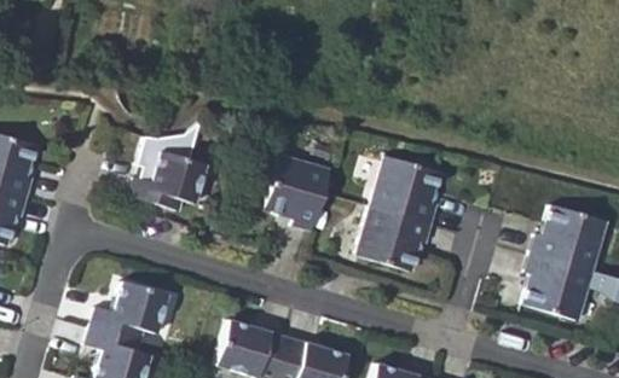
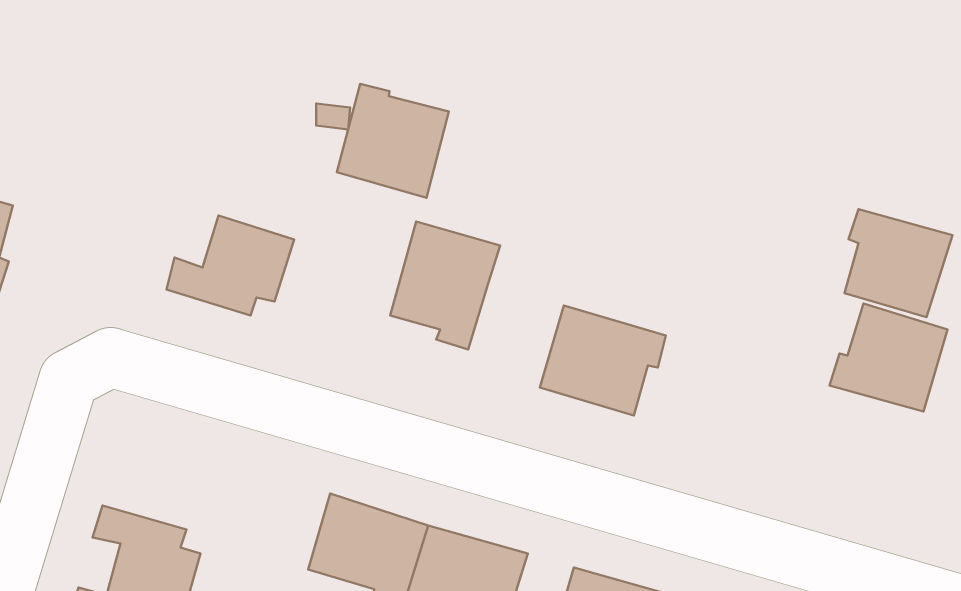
building: none -> [337,84,449,198]
building: [371,155,442,222] -> none
building: [523,252,589,318] -> [845,209,952,317]
building: [92,280,169,339] -> none

